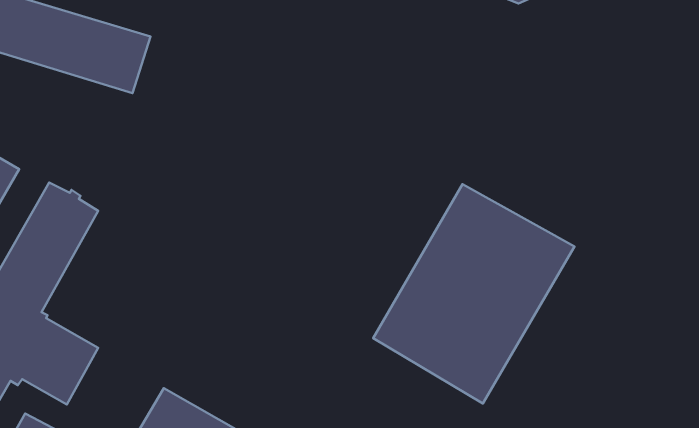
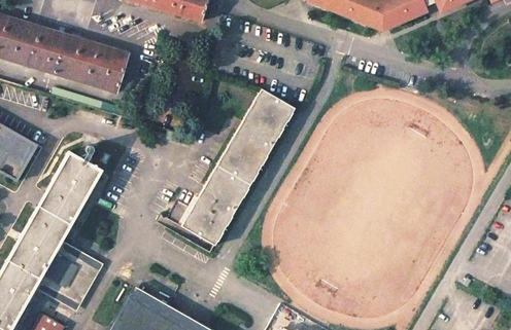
building: none -> [179,91,295,249]
building: [373,184,574,404] -> none

